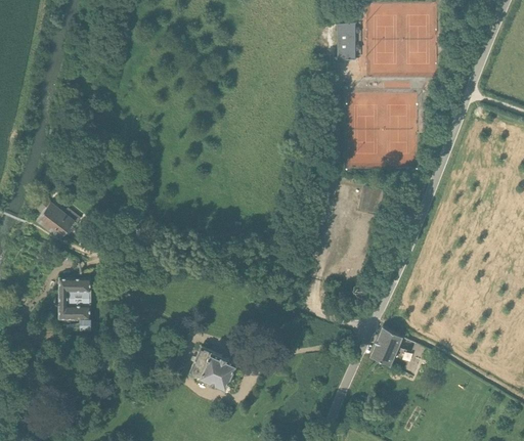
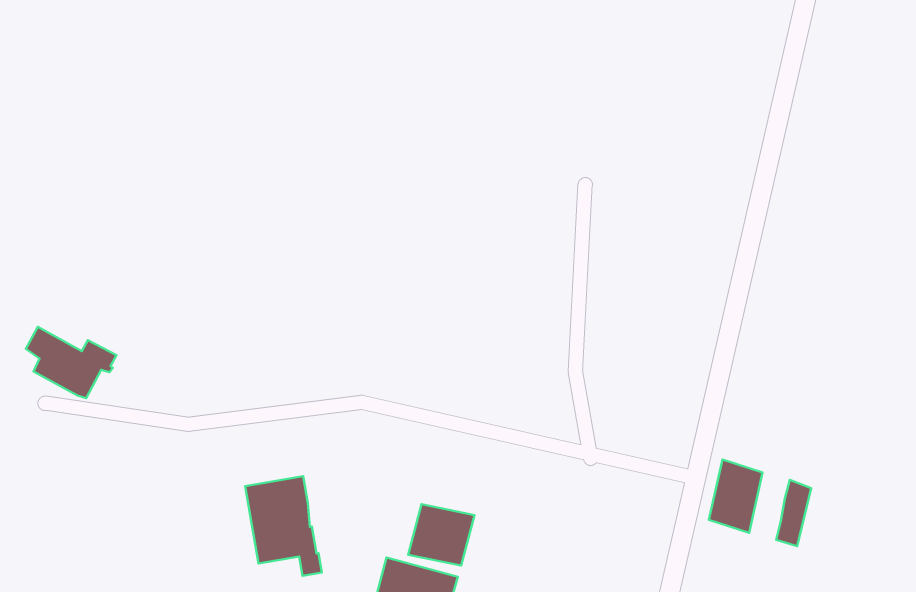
building: [59,278,91,329] -> [245,476,322,576]
building: none -> [408,504,475,566]

